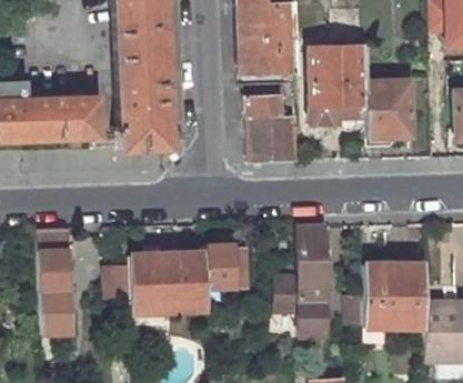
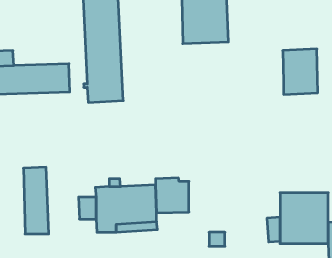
building: [309,48,368,132] -> none
building: [246,94,298,163] -> none
building: [276,226,324,335] -> none

